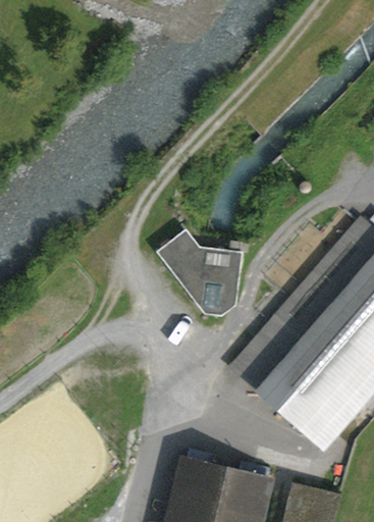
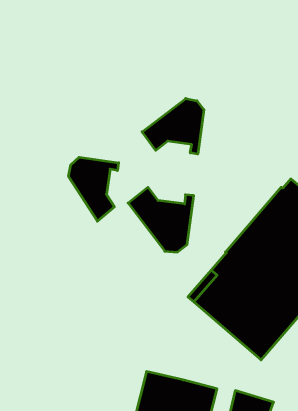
building: none -> [142,98,204,154]
building: none -> [69,157,119,221]

